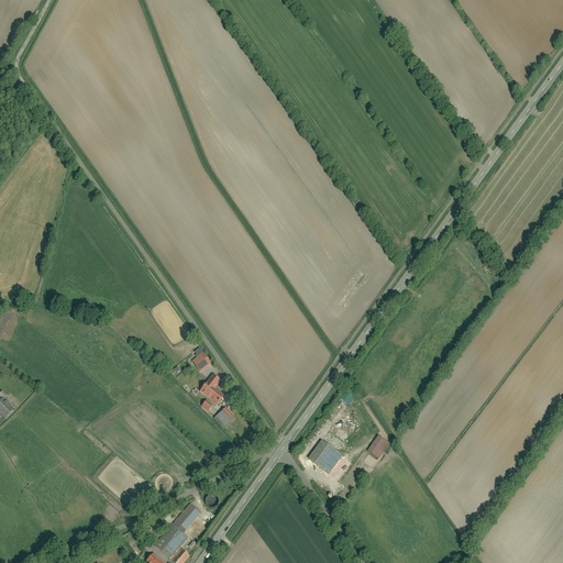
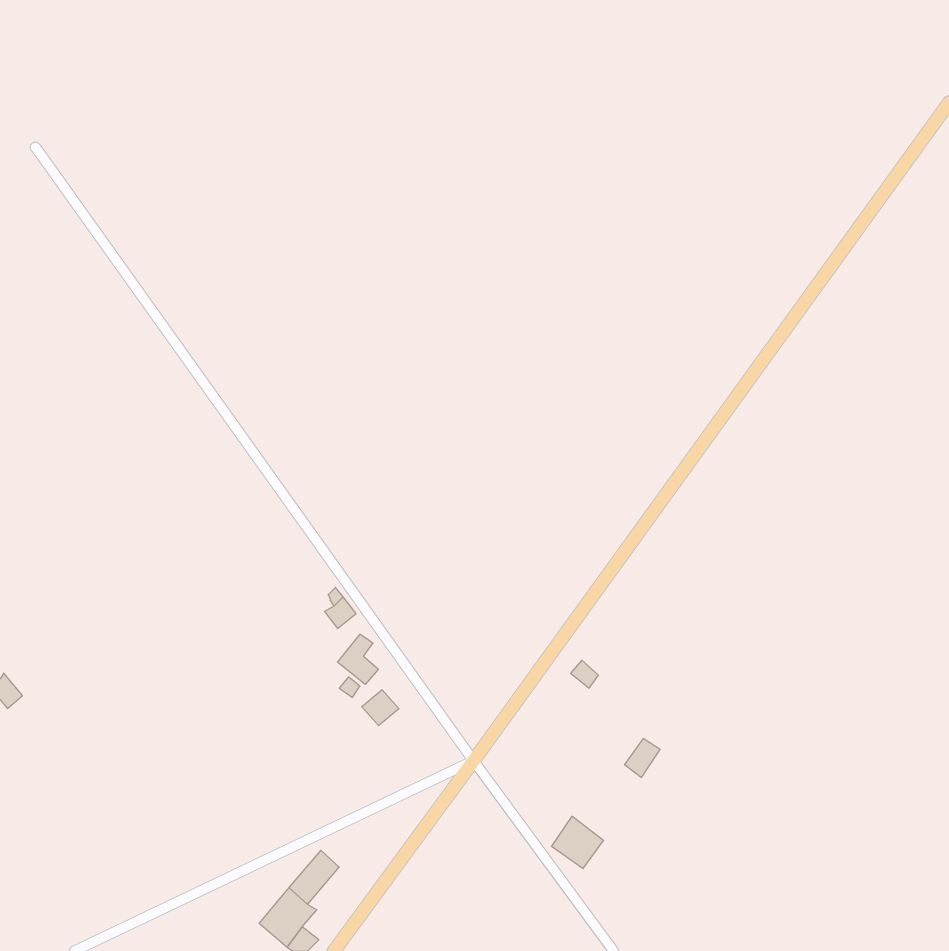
building: [310,441,341,472] -> [551,816,604,869]

